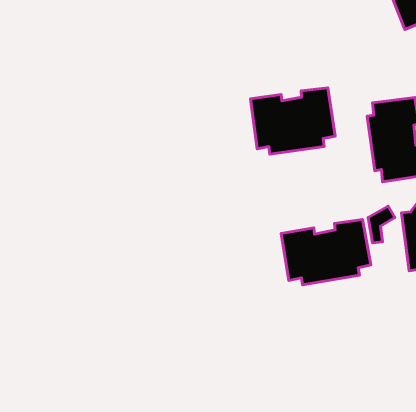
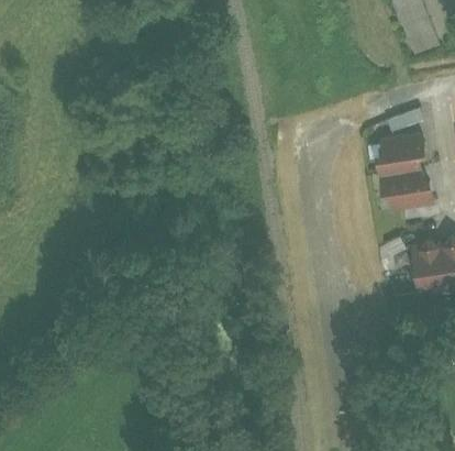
building: [250,88,335,154] -> none
building: [281,219,371,285] -> none

